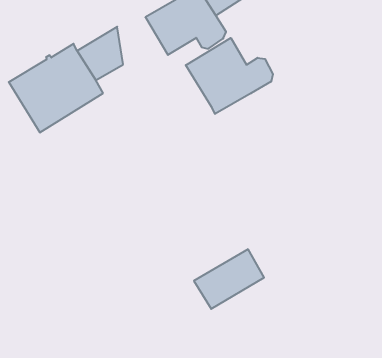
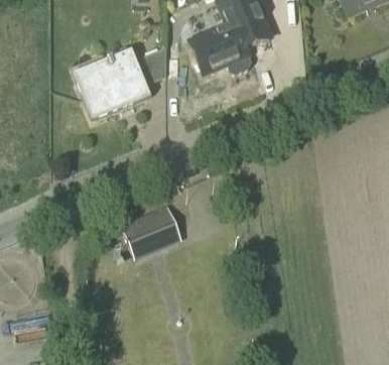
building: [186,38,273,114] -> none
building: [194,249,264,309] -> [121,207,176,249]

